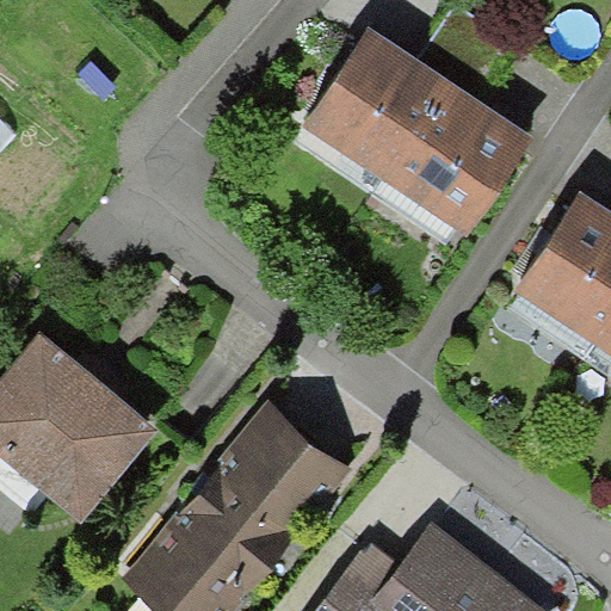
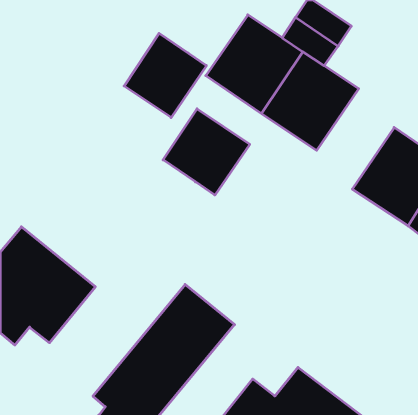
building: none -> [124,33,206,118]
building: none -> [163,109,250,195]

